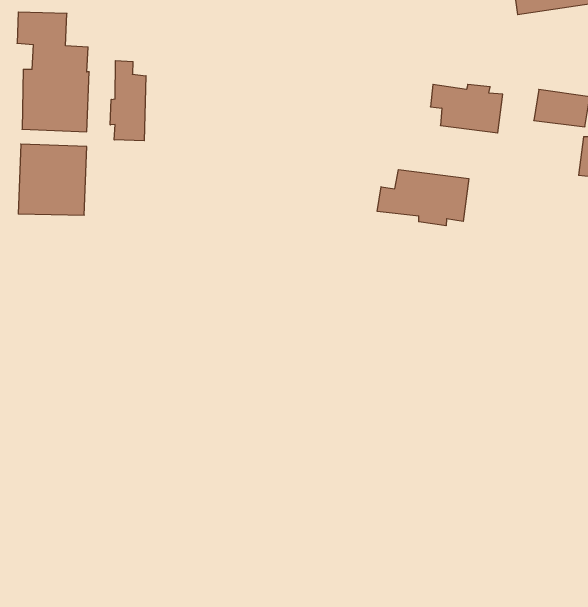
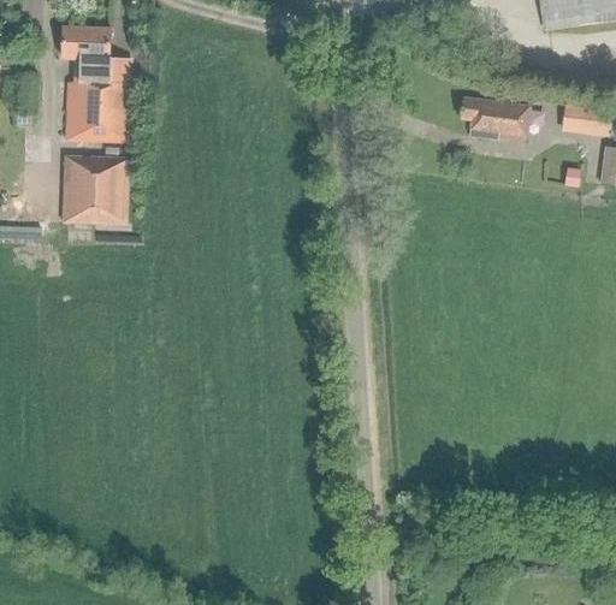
building: [110,61,146,141] -> none
building: [377,170,469,226] -> none

